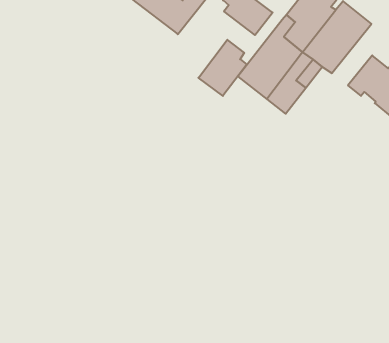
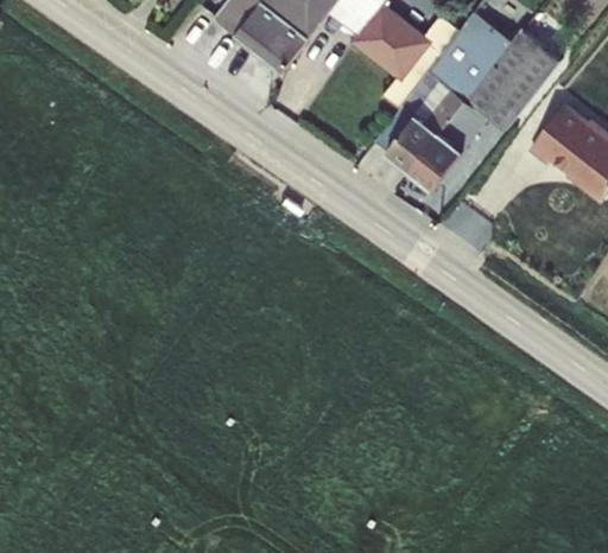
building: [198,40,247,96] -> none

